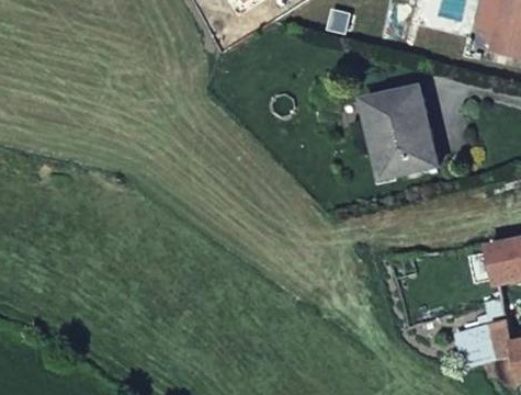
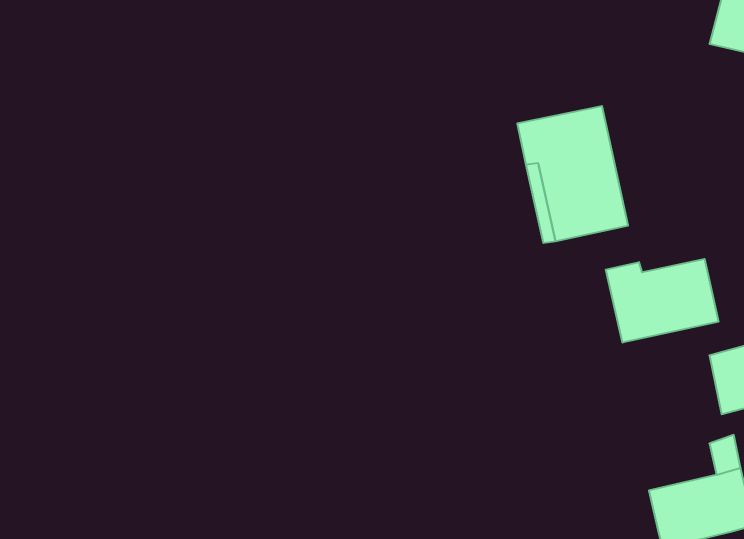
building: none -> [606,259,718,343]

